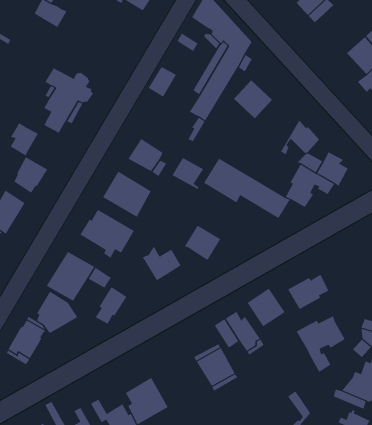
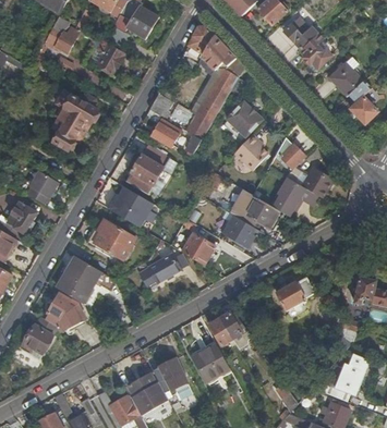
building: none -> [300,34,331,69]
building: none -> [96,42,125,74]
building: none -> [232,134,267,171]
building: [10,122,39,156] -> none
building: [172,157,204,190] -> [150,120,180,149]
building: none -> [222,216,254,247]
building: [95,286,127,324] -> none
building: [247,288,285,327] -> none
building: [296,315,345,373] -> none
building: none -> [150,358,192,404]

